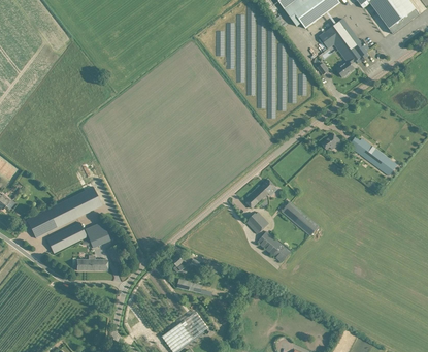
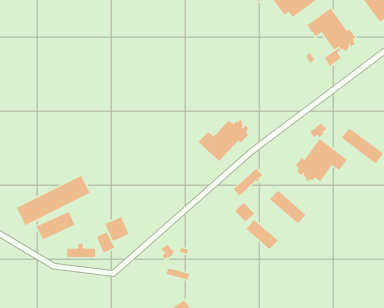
building: none -> [197,119,250,162]
building: none -> [295,138,348,183]
building: [84,222,109,248] -> [104,216,130,242]

